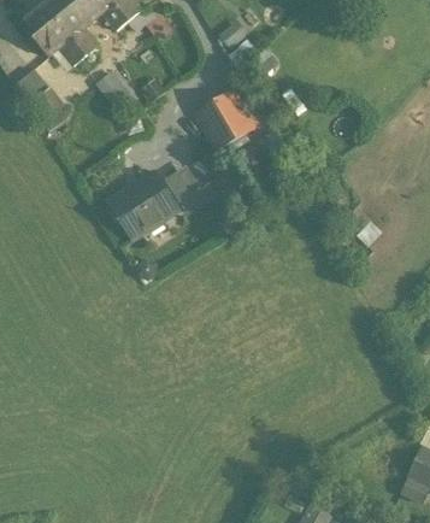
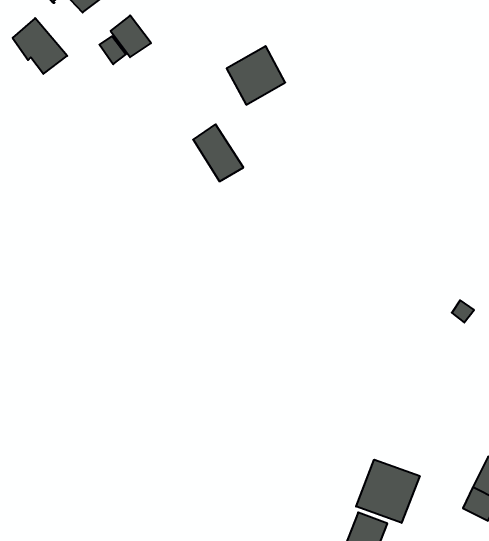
building: [111,172,178,237] -> none
building: none -> [356,460,420,523]

